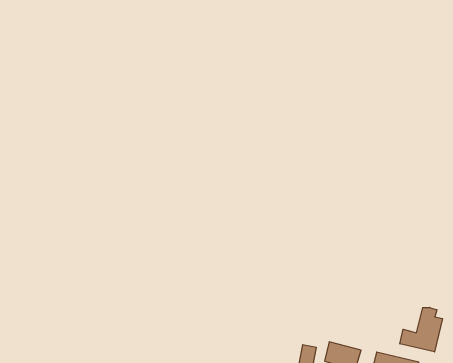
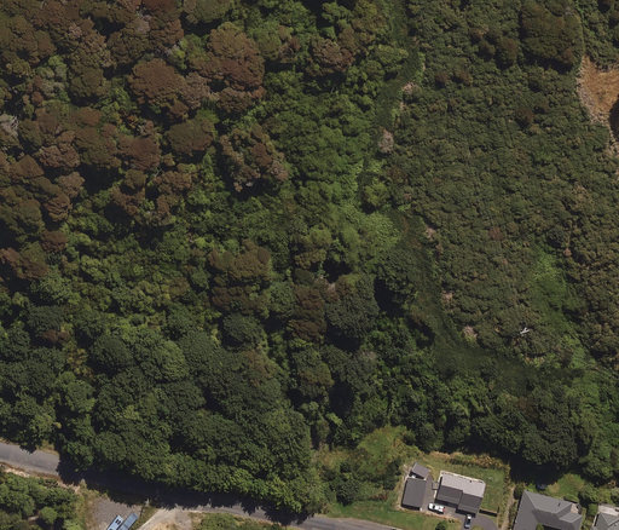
building: [400,307,443,352] -> none

